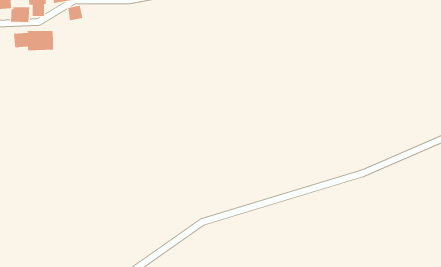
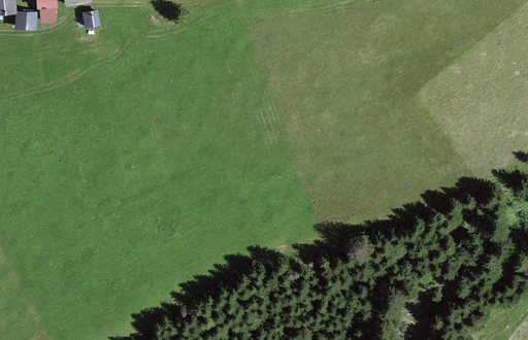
building: [14,30,54,51] -> none

